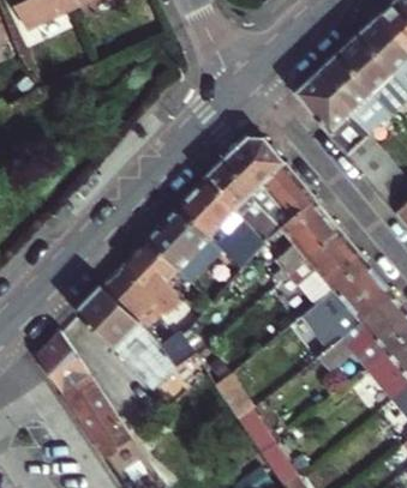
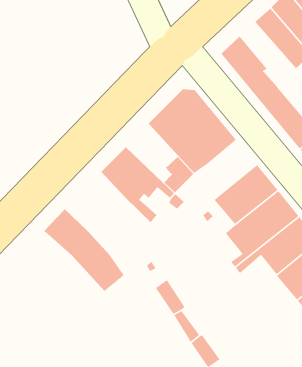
building: [321,54,390,134] -> none
building: [179,180,244,253] -> none
building: [273,200,342,284] -> none
building: [126,240,198,367] -> none
building: [36,330,132,457] -> none

